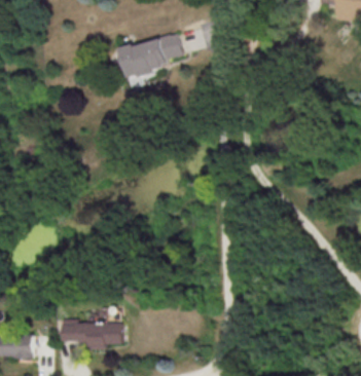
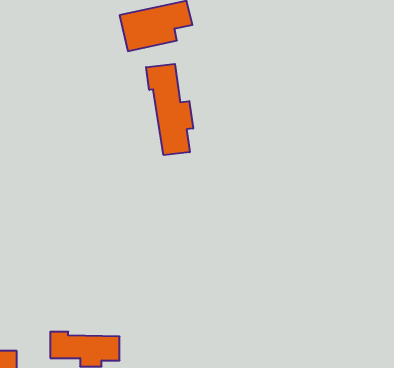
building: none -> [146,64,193,155]

